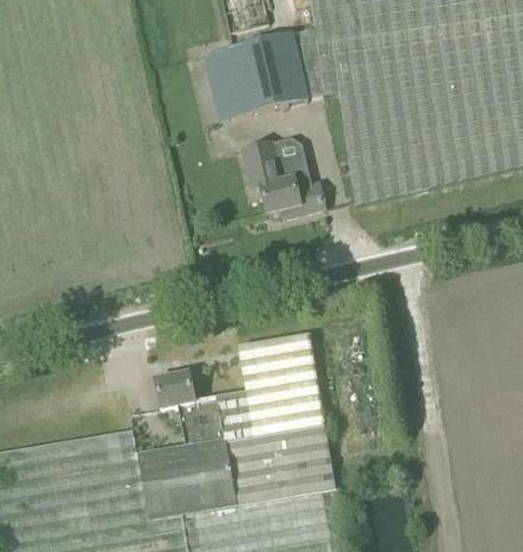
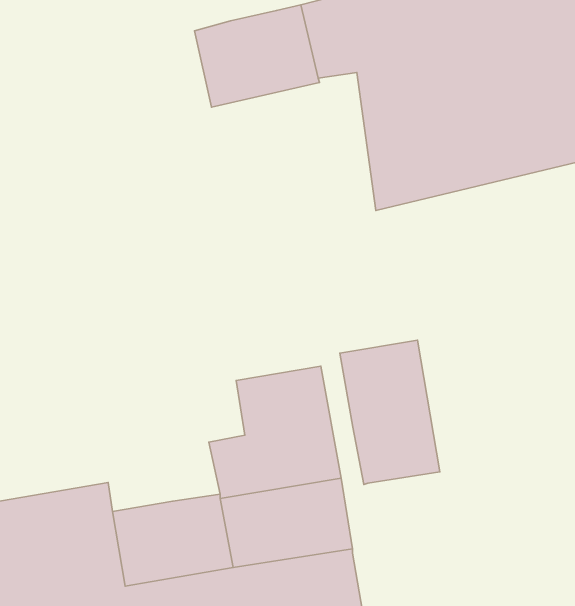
building: [242,142,324,218] -> none
building: none -> [340,340,440,485]
building: [155,373,225,446] -> none

